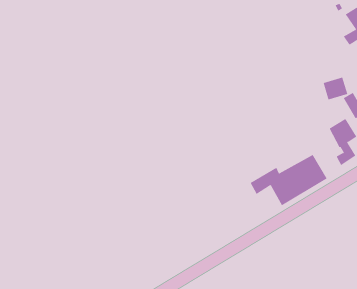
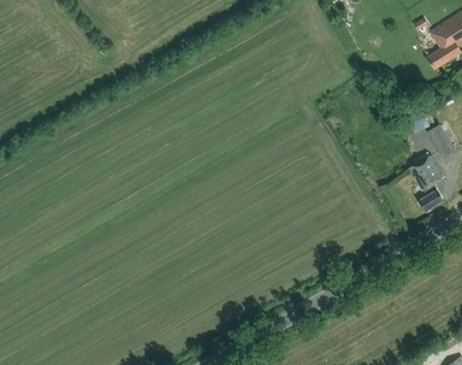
building: [250,154,328,206] -> none

